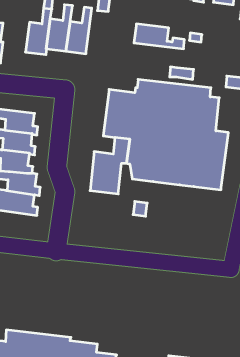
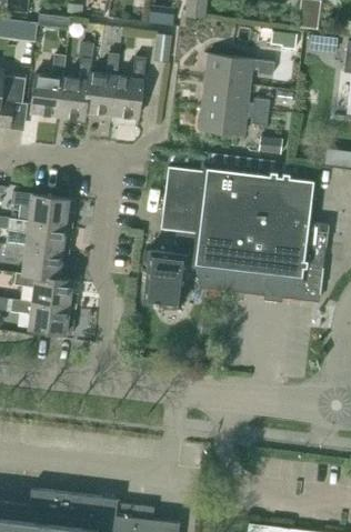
building: none -> [205,53,274,84]
building: none -> [30,54,66,117]
building: none -> [199,104,269,135]

